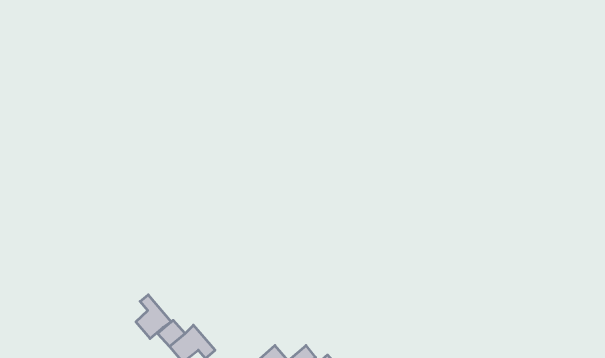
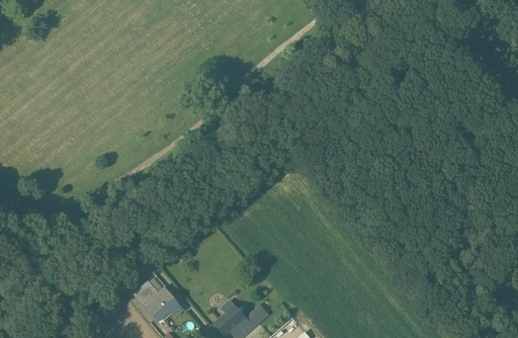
building: [136,295,171,339] -> none

